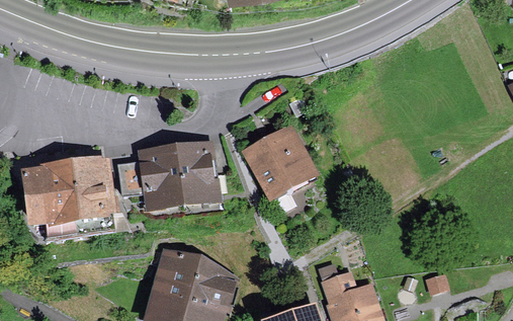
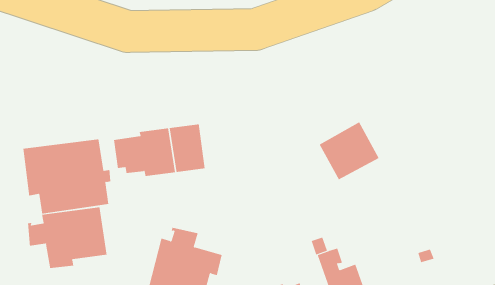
building: [250,134,312,193] -> [319,122,379,180]
building: none -> [27,207,107,269]

